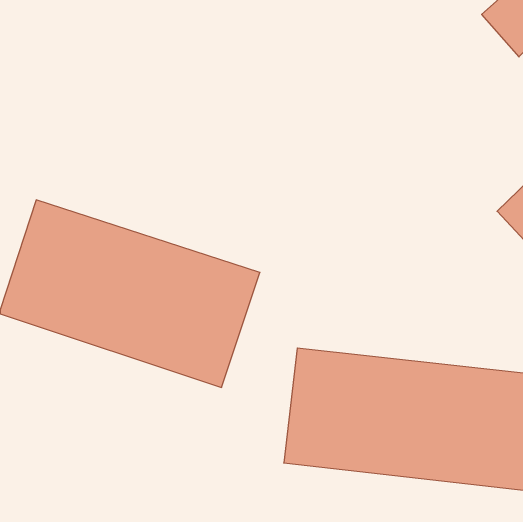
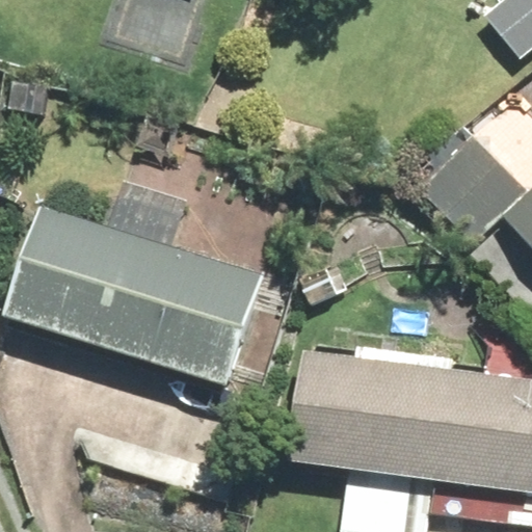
building: none -> [408,121,526,238]

